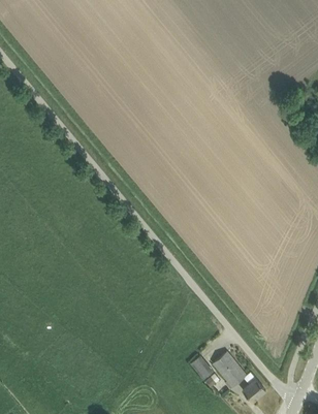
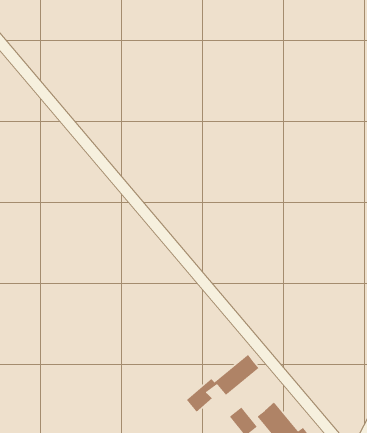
building: none -> [186,354,260,413]

